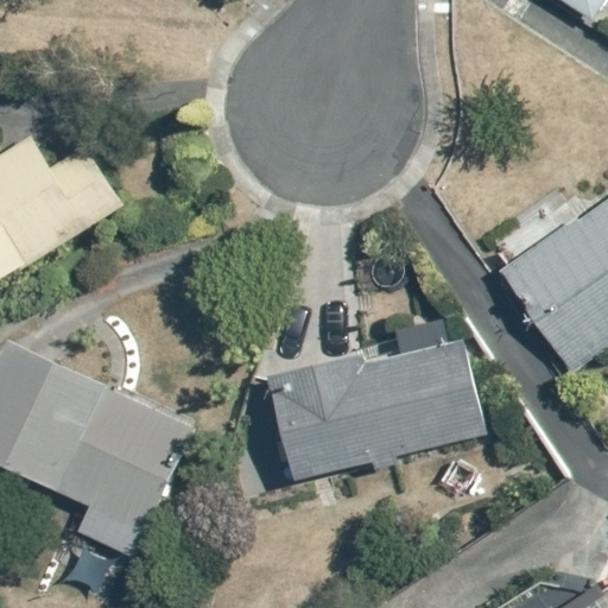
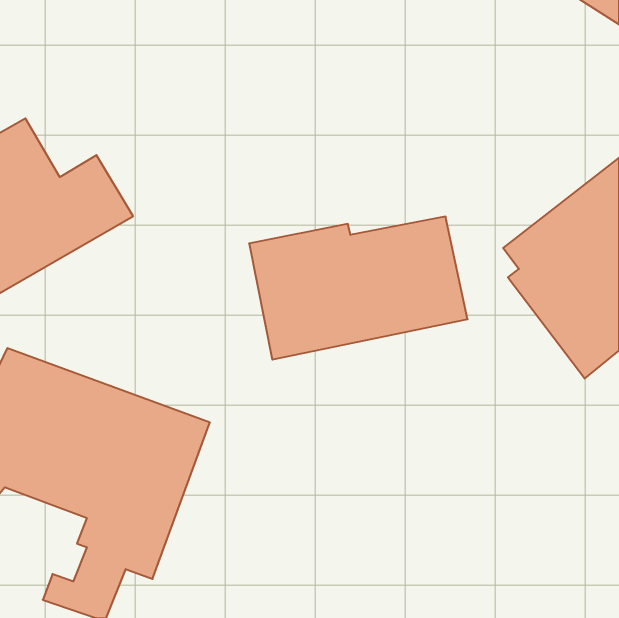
building: [268,343,481,482] -> [249,217,468,360]

